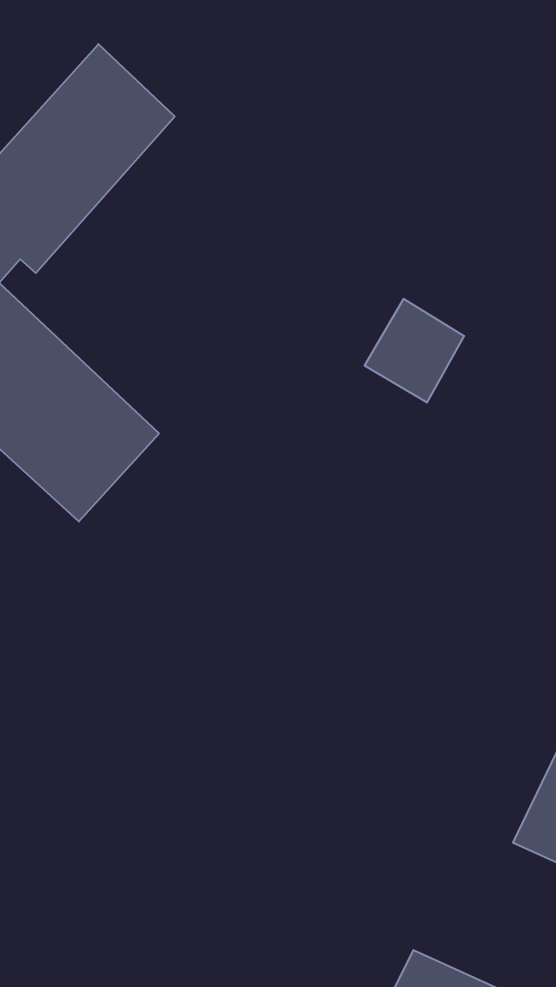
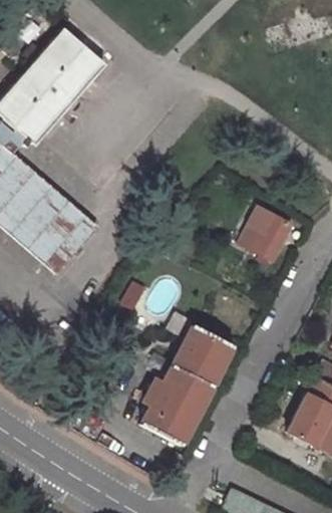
building: [364,299,464,403] -> [236,206,287,259]
building: none -> [139,327,234,450]

